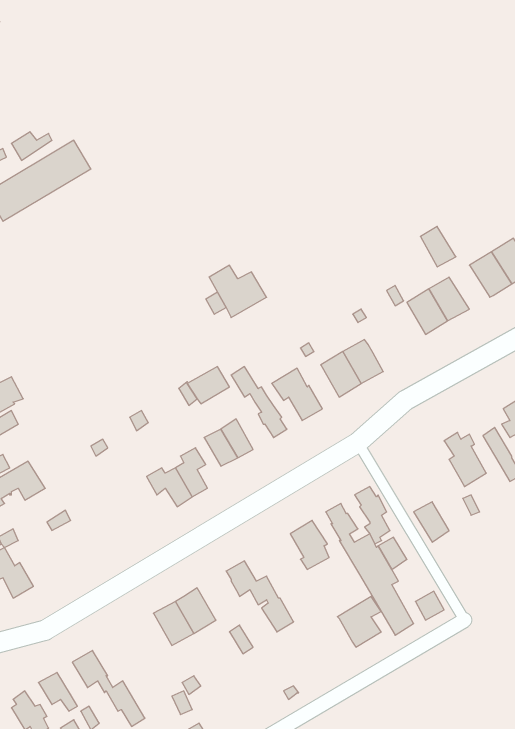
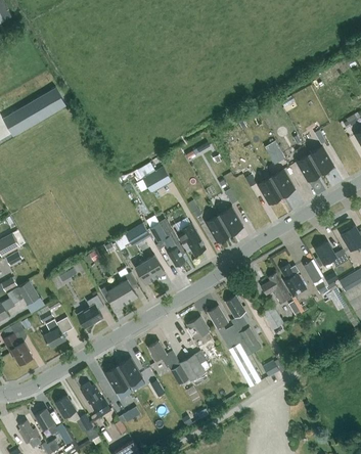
building: none -> [261,273,291,304]
building: none -> [78,296,104,328]
building: none -> [44,318,73,348]
building: [337,596,381,647] -> [180,351,207,381]
building: none -> [82,382,111,417]

